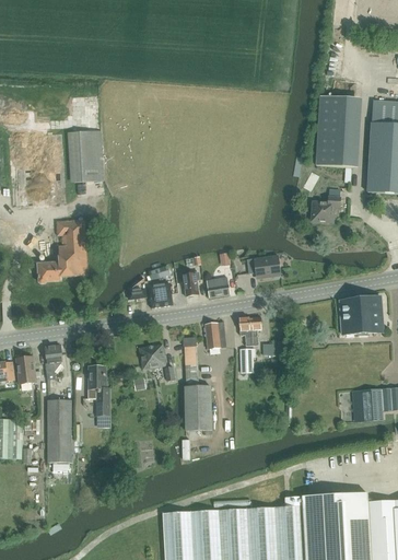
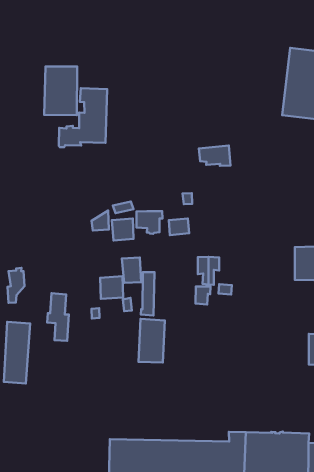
building: [312,198,341,222] -> none
building: [37,220,86,283] -> [59,88,107,147]
building: [247,255,281,277] -> [199,145,230,166]
building: [204,322,226,349] -> [122,258,141,283]

